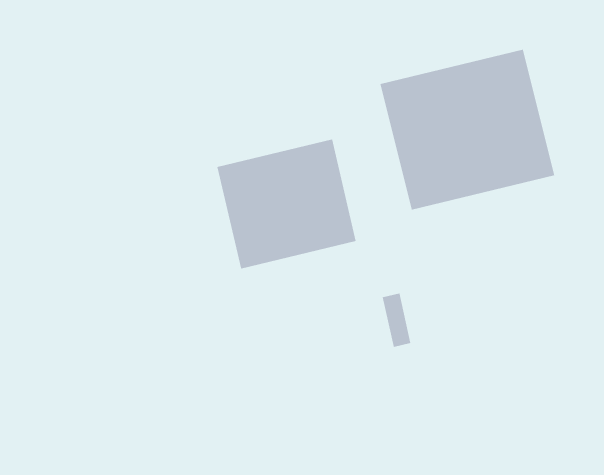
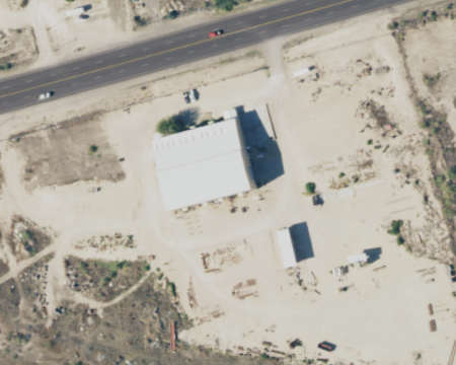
building: [380,49,555,210] -> none

